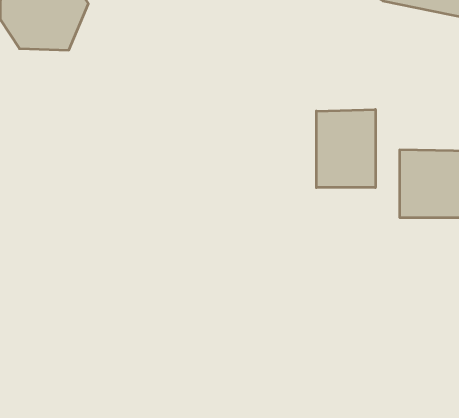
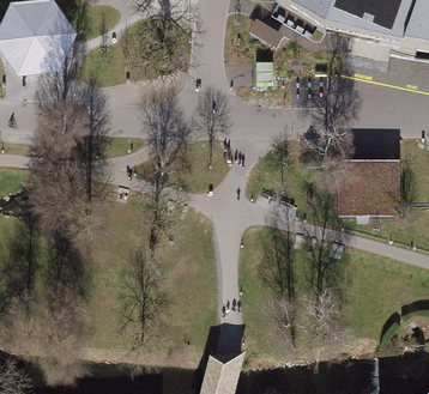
building: [316,109,375,188] -> none

